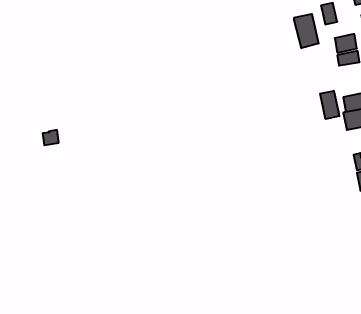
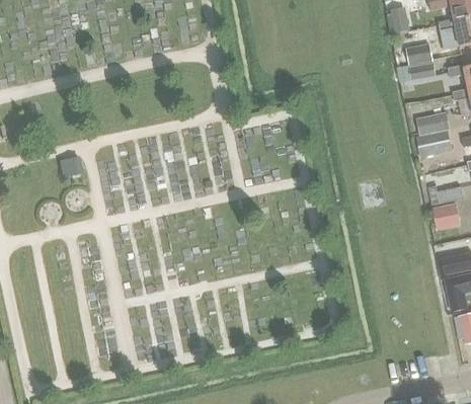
building: [294,14,319,48] -> none
building: [320,91,339,119] -> none

